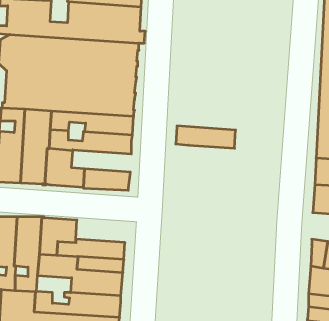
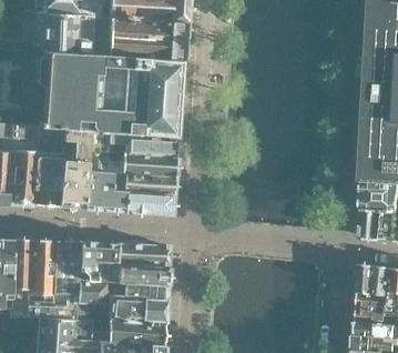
building: [176,126,236,148] -> [111,171,173,194]
building: none -> [115,240,169,268]

